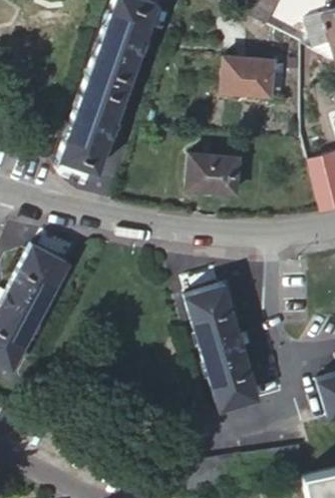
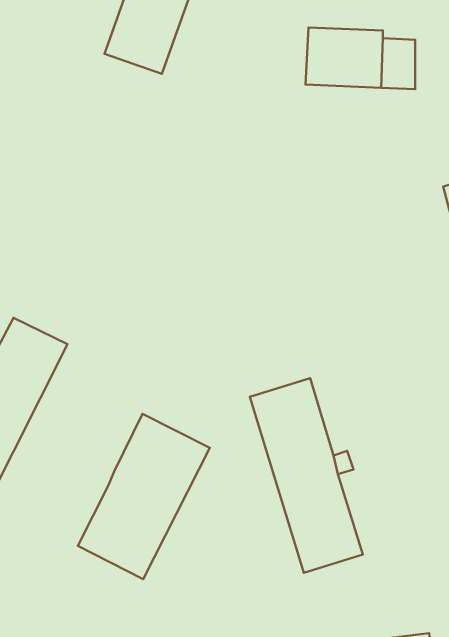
building: [60,74,128,171] -> none
building: [191,154,241,193] -> none
building: none -> [78,414,210,579]

